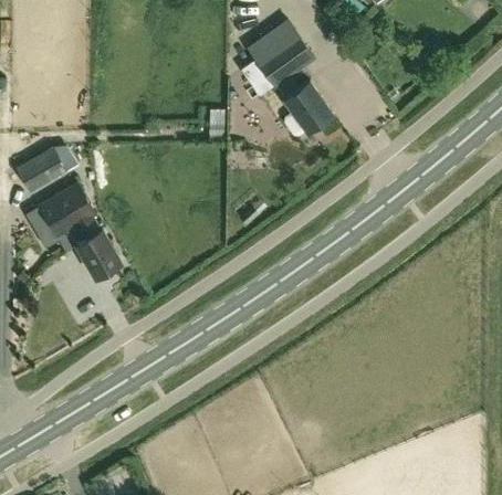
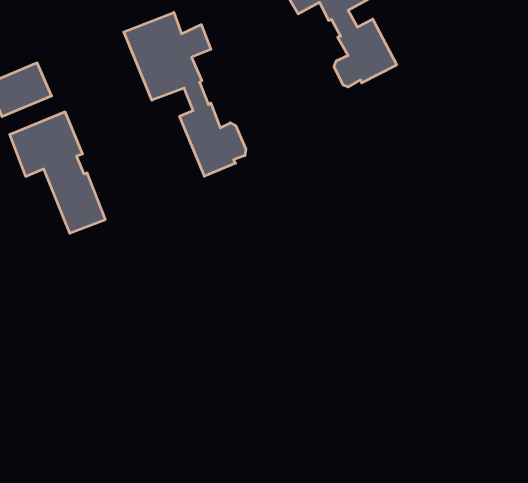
building: none -> [124,12,246,176]

